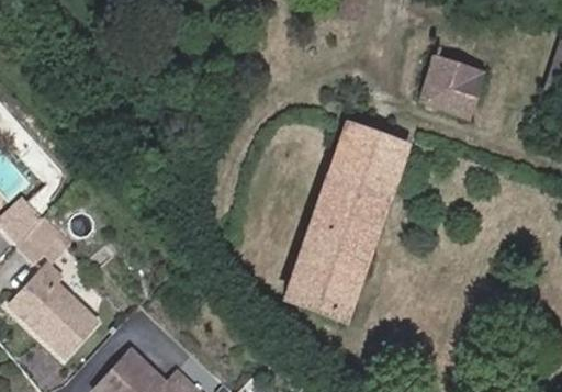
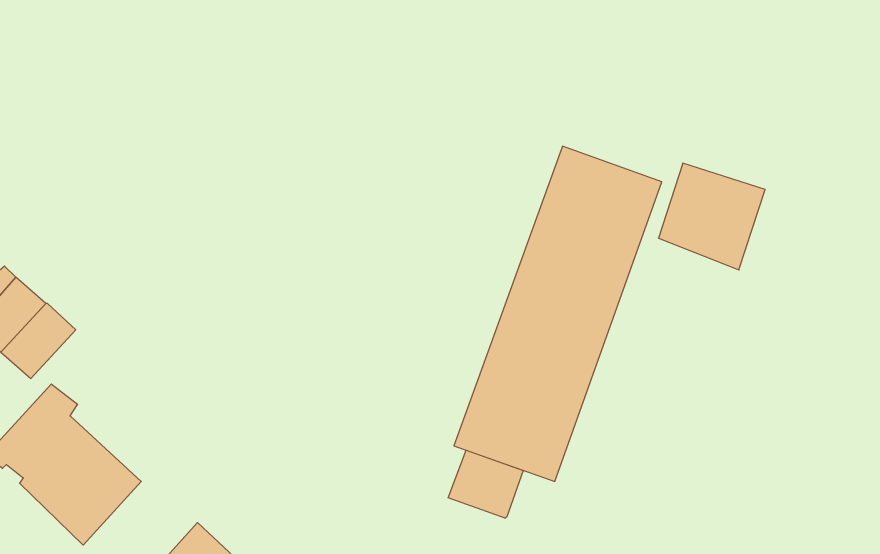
building: [419,58,482,121] -> [658,163,765,270]
building: none -> [448,450,523,518]

